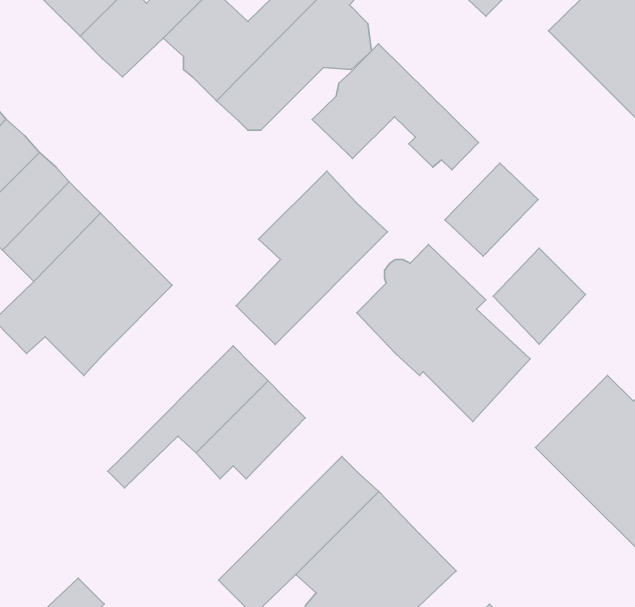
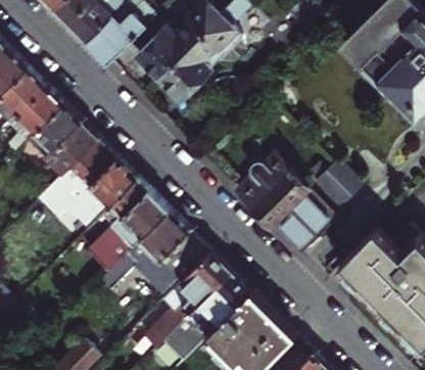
building: [312,44,479,170] -> none
building: [445,163,538,256] -> none
building: [236,171,388,344] -> [86,179,170,275]
building: none -> [144,252,230,349]

